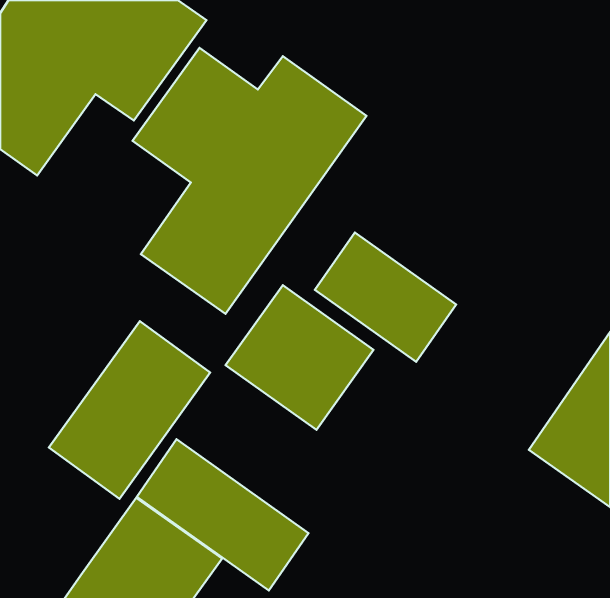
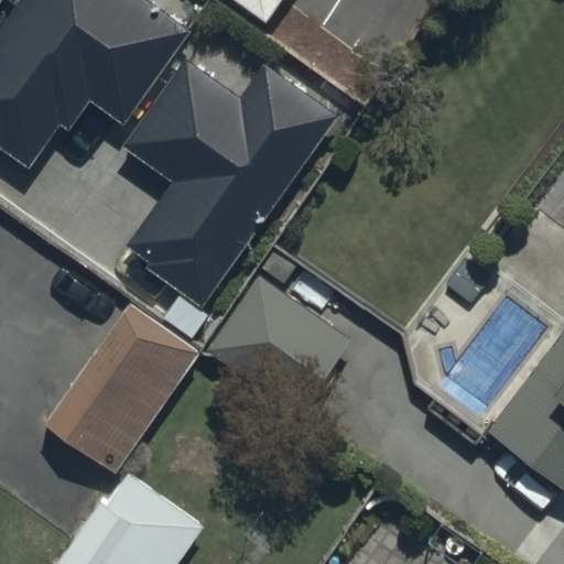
building: [315,232,456,362] -> none
building: [137,439,309,590] -> none

